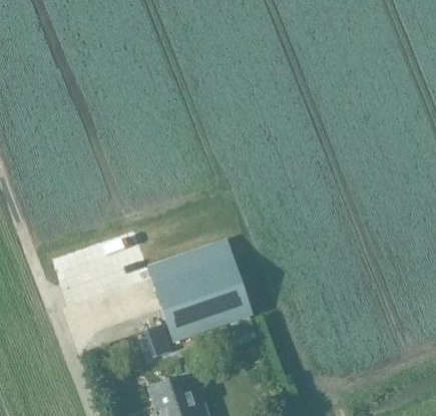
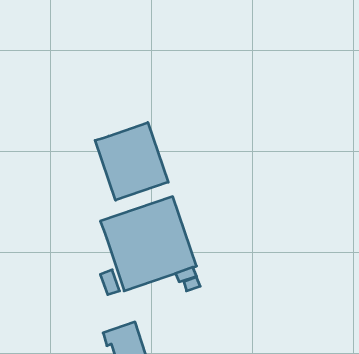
building: none -> [95,122,168,200]

